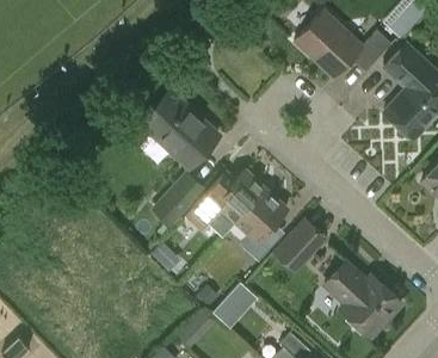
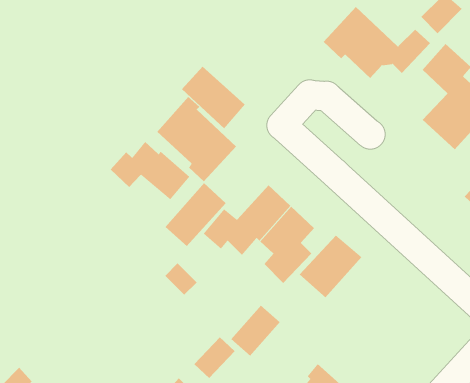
building: none -> [181,66,245,129]
building: none -> [110,141,190,200]
building: [325,263,402,338] -> none

